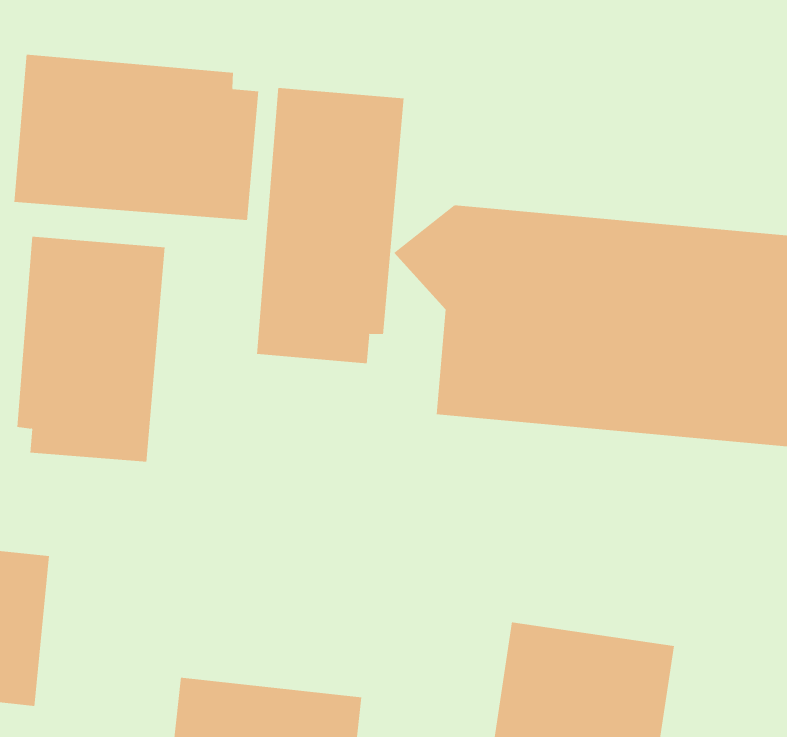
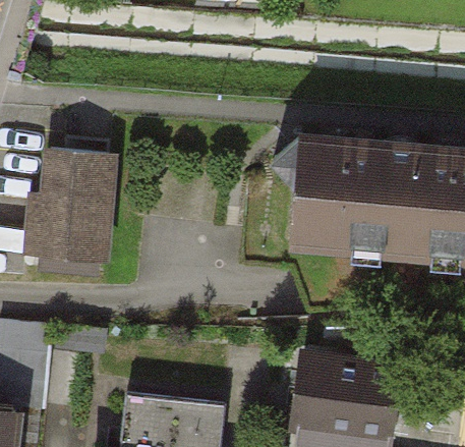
building: [14,54,259,221] -> none
building: [257,87,404,364] -> none

